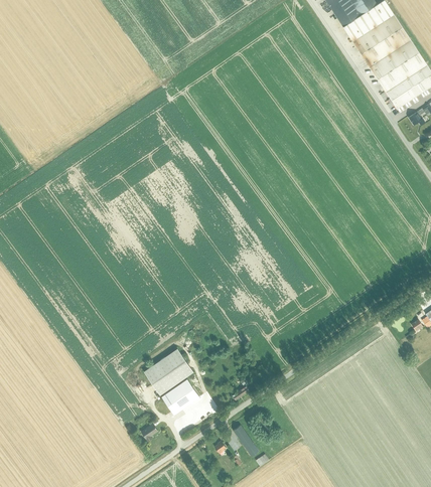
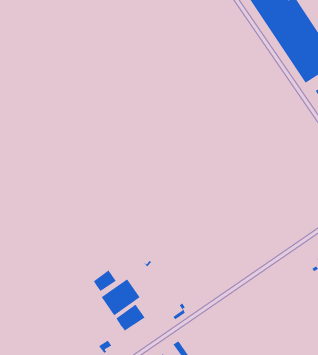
building: none -> [93,269,116,292]

